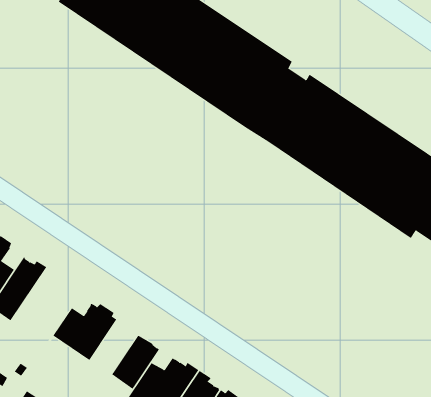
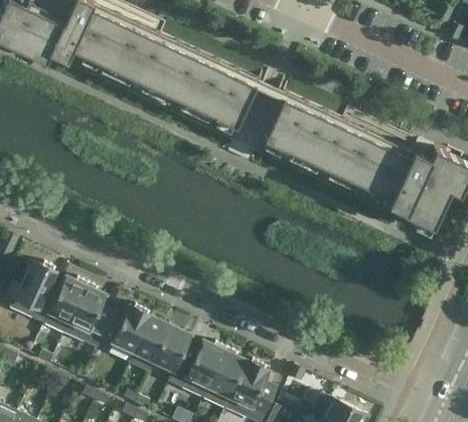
building: none -> [65,282,114,347]
building: none -> [132,316,172,372]

